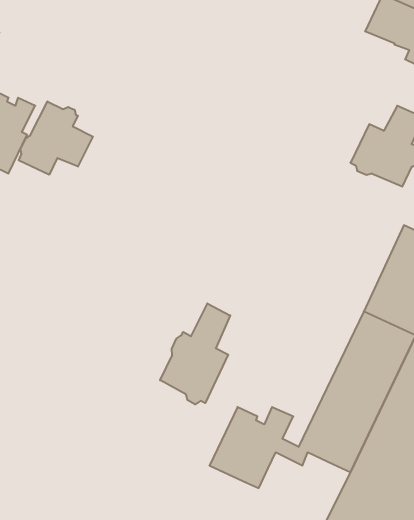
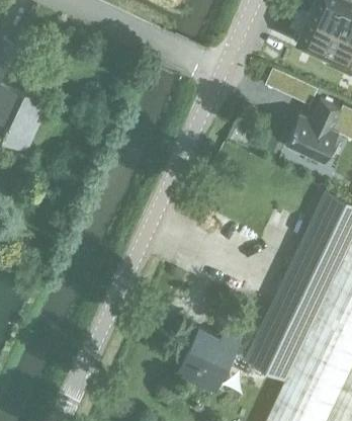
building: [19,101,93,175] -> none
building: [160,303,230,404] -> none

